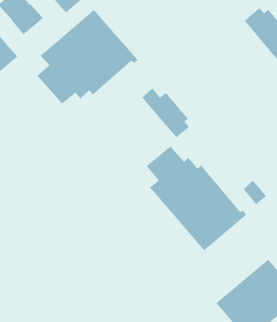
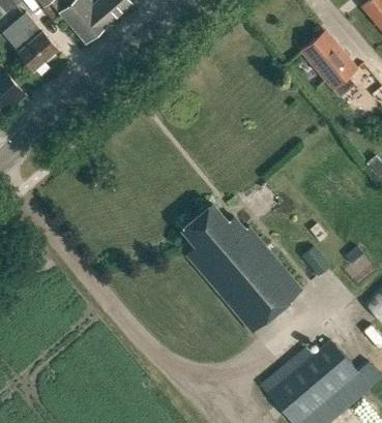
building: [37,9,138,104] -> none
building: [142,87,190,138] -> none

